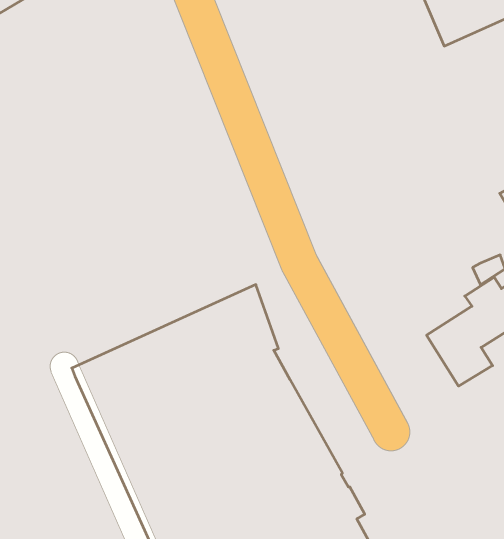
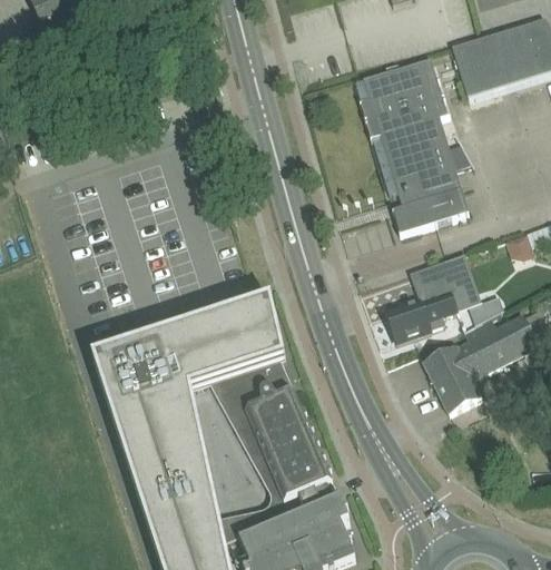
building: none -> [358,57,470,233]
building: none -> [386,265,475,340]

